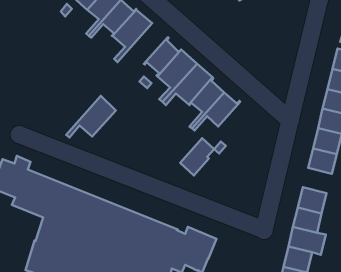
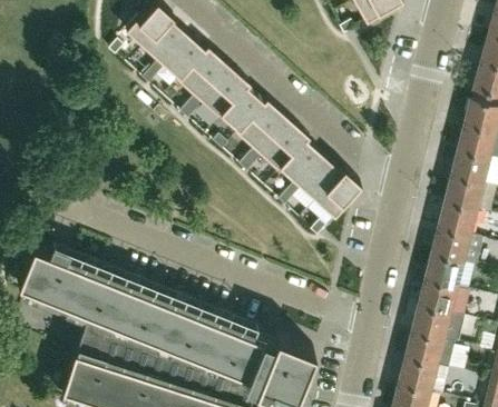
building: [66,96,116,137] -> [182,64,247,119]
building: [180,138,214,175] -> [314,168,359,217]
building: none -> [426,255,463,288]

